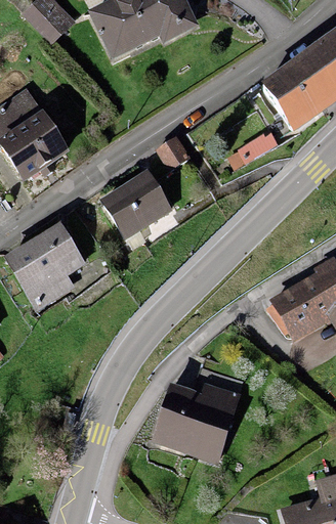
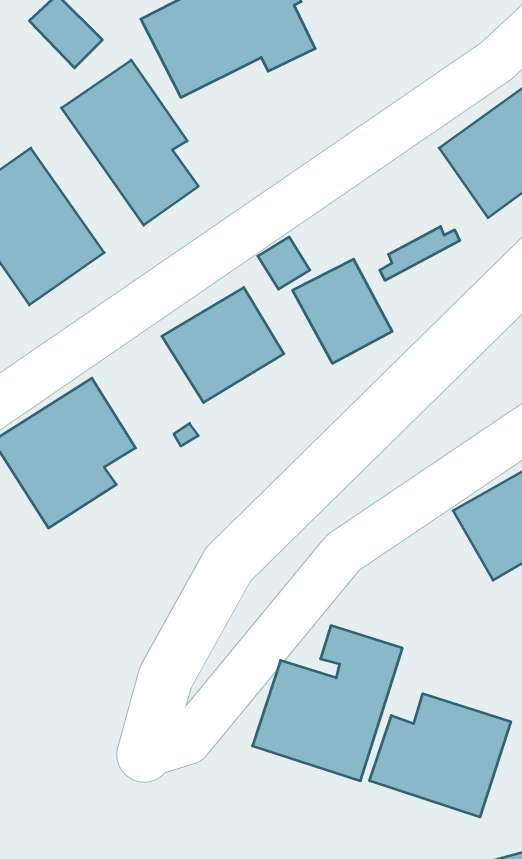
building: none -> [61,60,198,225]
building: none -> [293,259,392,363]
building: none -> [370,694,511,817]

